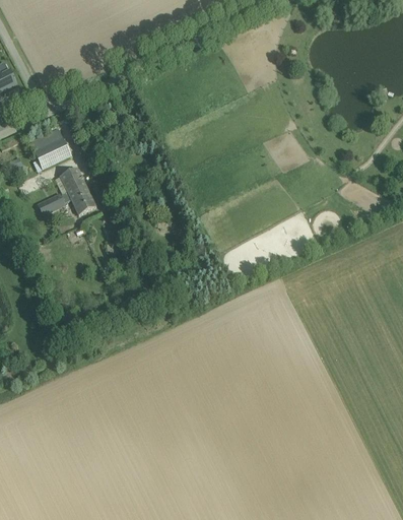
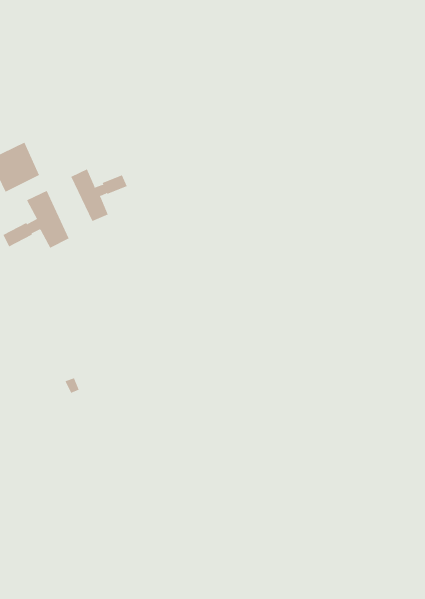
building: none -> [71,169,127,222]

